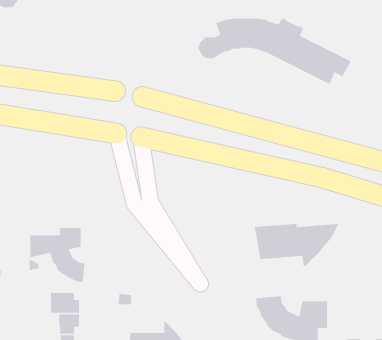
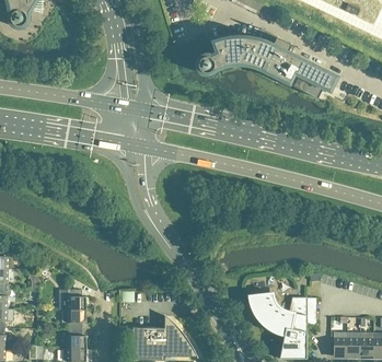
building: [254,223,339,267] -> none
building: [29,227,85,283] -> none

